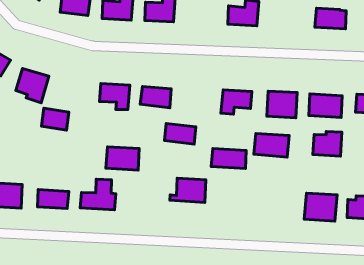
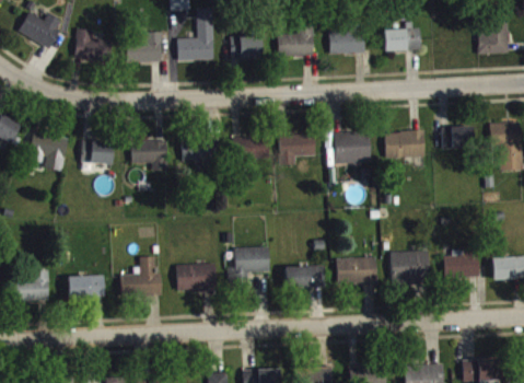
building: none -> [230,35,261,58]
building: none -> [329,31,365,54]
building: [41,108,69,130] -> [81,140,113,164]
building: [165,123,196,144] -> [232,136,268,158]
building: [313,132,342,156] -> none
building: [254,133,289,157] -> [337,257,377,283]
building: [106,147,139,170] -> [177,264,217,291]
building: [211,148,246,169] -> [284,265,326,288]

